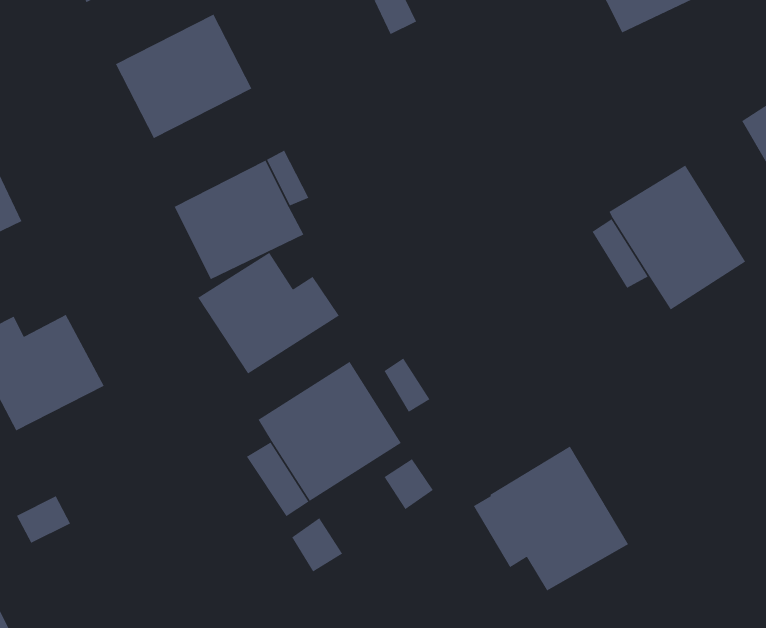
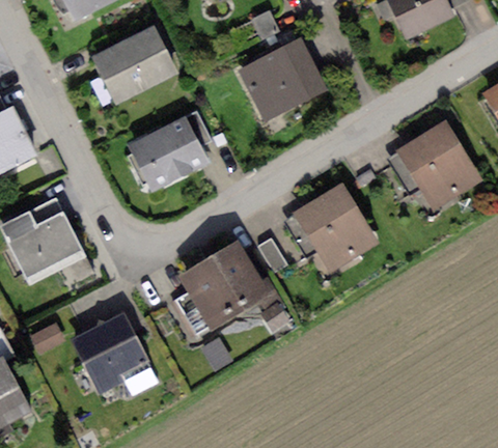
building: none -> [238,38,327,120]
building: [197,252,340,374] -> none
building: [473,445,629,592] -> [283,181,380,272]
building: none -> [71,311,160,395]

